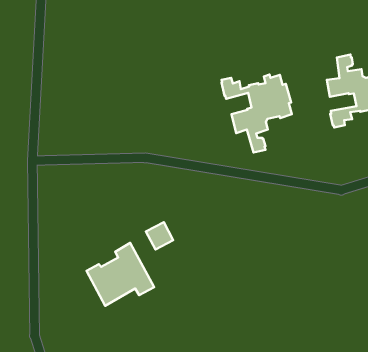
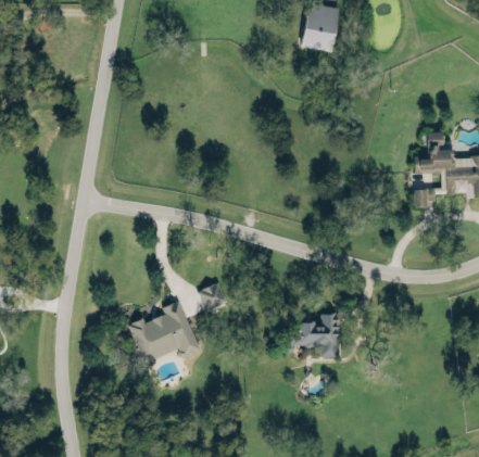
building: [221,75,292,153] -> none
building: none -> [286,314,337,357]

